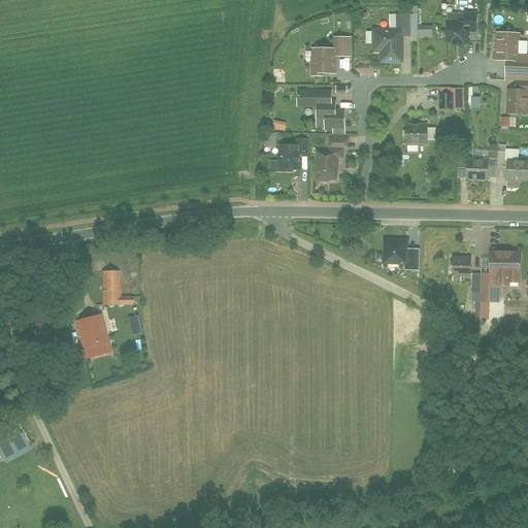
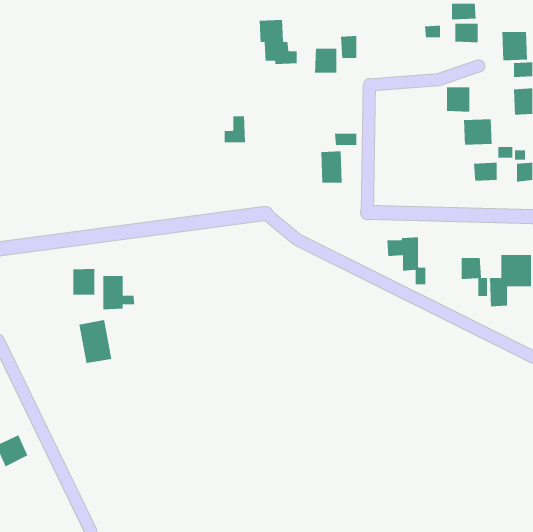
building: [370,13,416,62] -> none
building: [309,85,348,129] -> [259,19,297,64]
building: [404,119,433,144] -> [463,119,492,145]
building: [271,144,293,171] -> [224,116,246,143]
building: none -> [73,268,95,295]

